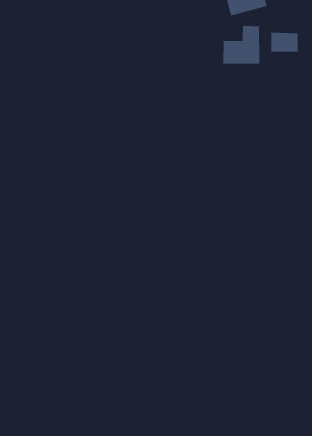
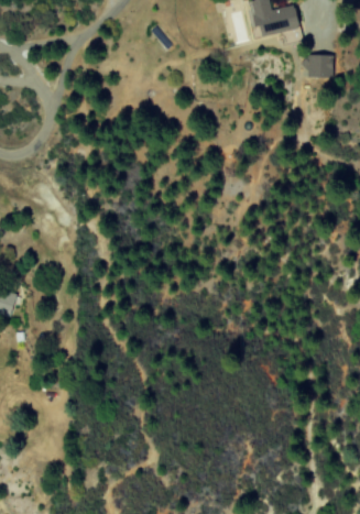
building: [223,25,260,65] -> none

